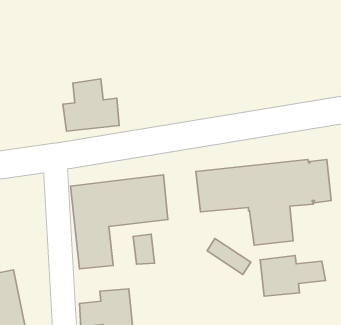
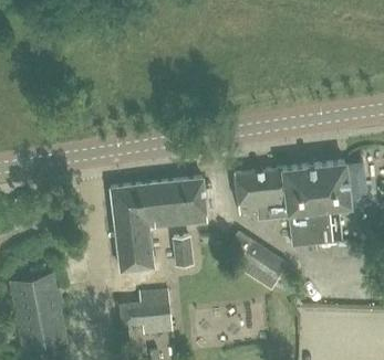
building: [63,79,119,131] -> none
building: [260,256,325,296] -> none

